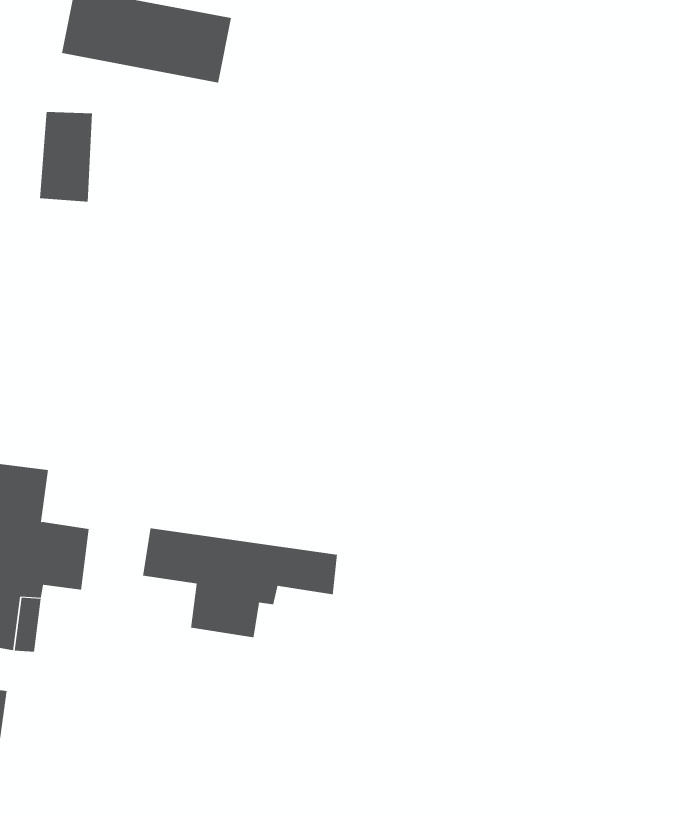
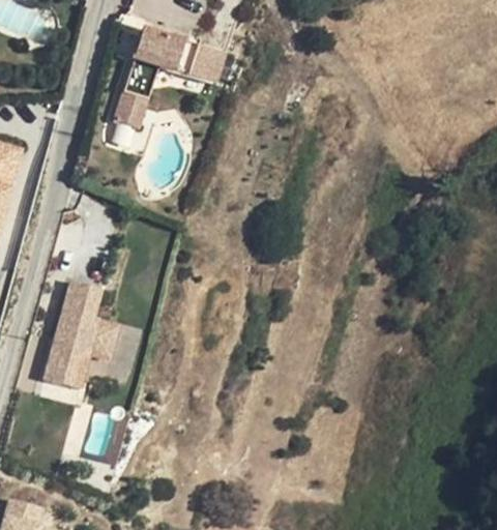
building: [143,527,337,638] -> none

